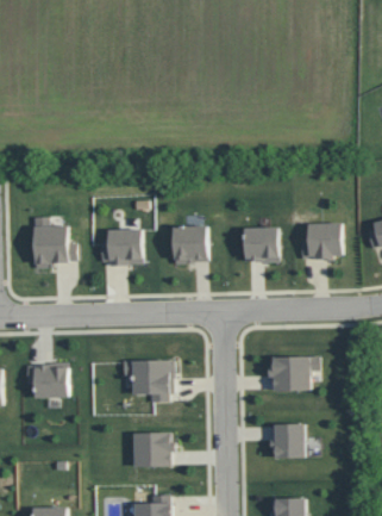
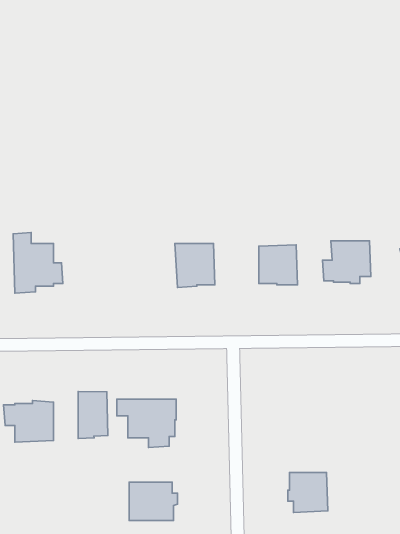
building: [100,230,142,267] -> none
building: none -> [78,392,108,439]
building: [267,356,318,391] -> none

